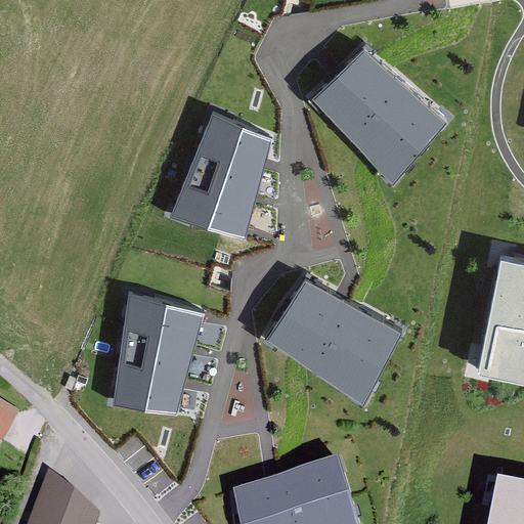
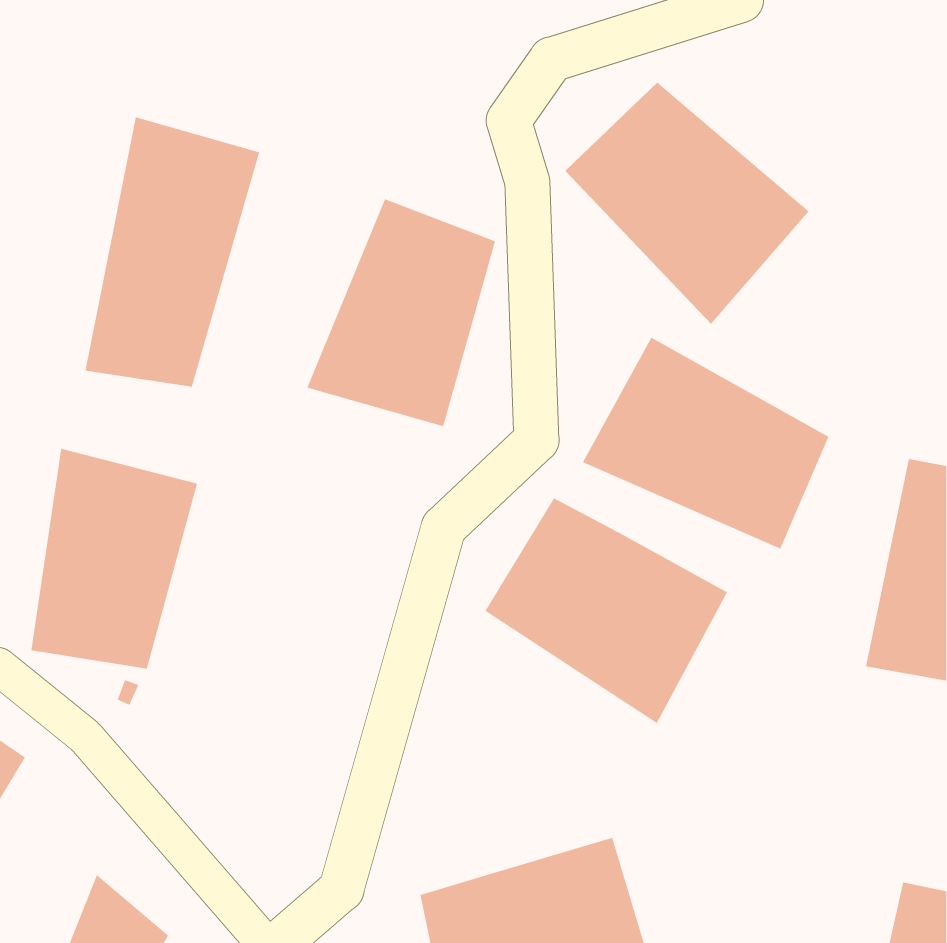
building: none -> [85,116,260,387]
building: none -> [582,337,829,549]
building: [112,293,204,414] -> [31,448,198,669]

